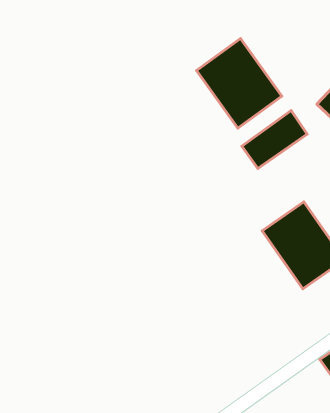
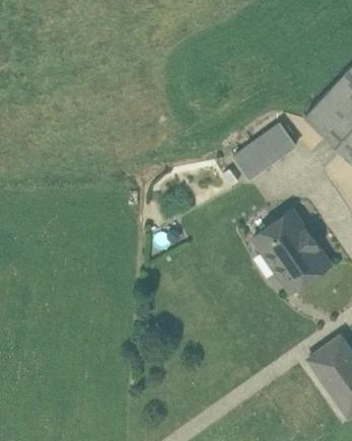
building: [197,38,282,128] -> none

